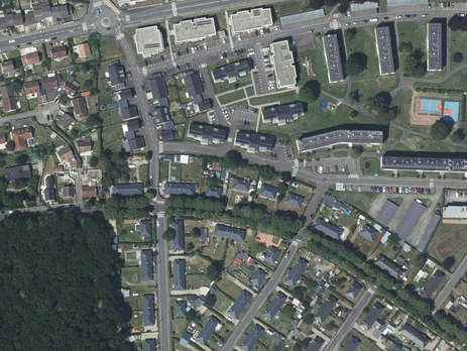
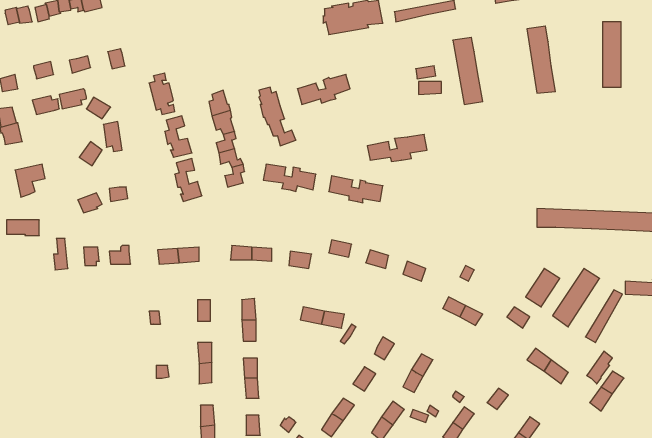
building: [172,17,215,41] -> none
building: [134,25,162,54] -> none
building: [271,40,296,87] -> none
building: [297,129,382,151] -> none

